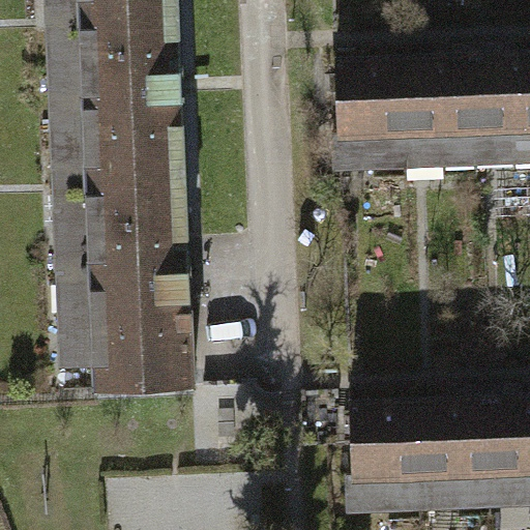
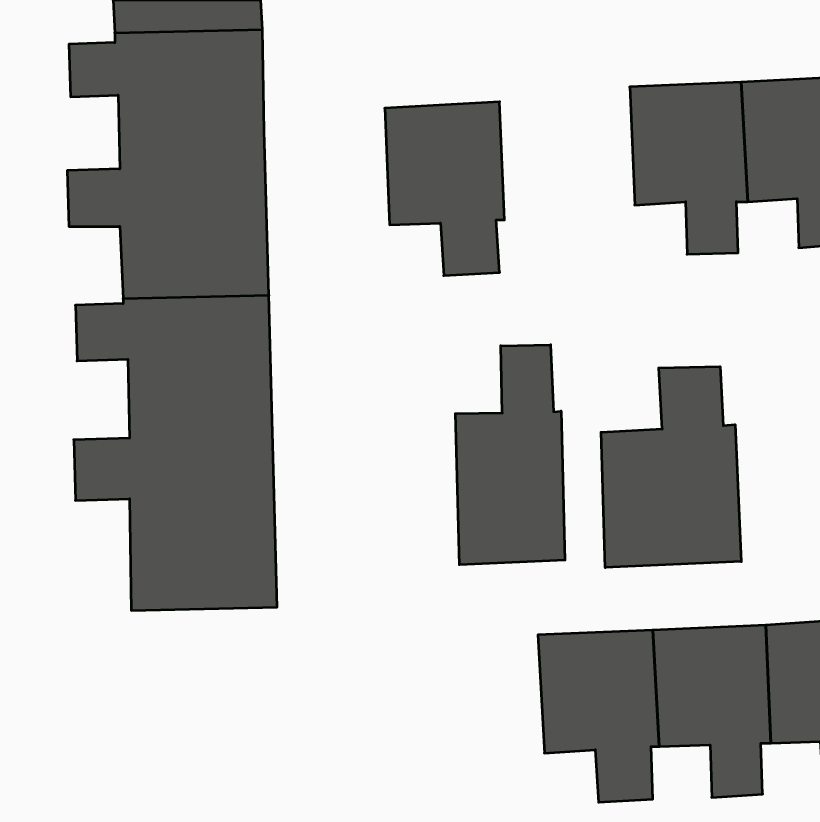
building: [336,65,412,175] -> [385,102,504,276]
building: none -> [455,345,565,565]
building: none -> [601,367,741,568]

